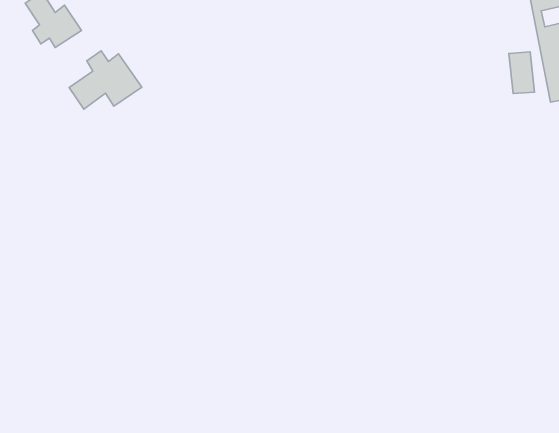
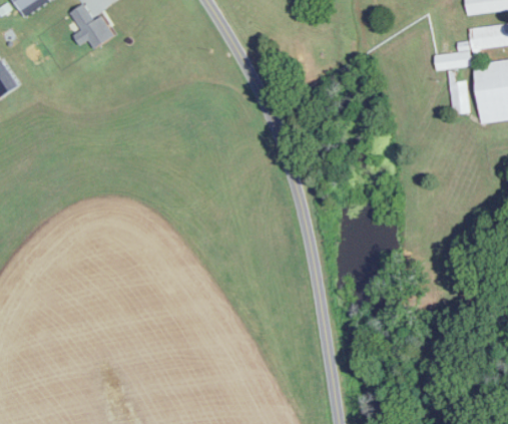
building: none -> [435,54,471,69]
building: [69,51,142,109] -> none

